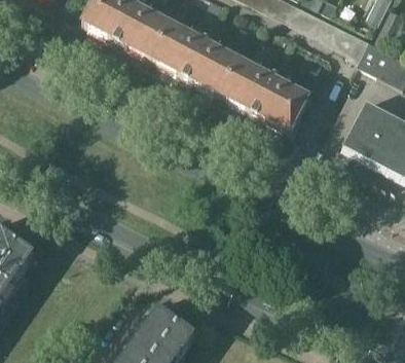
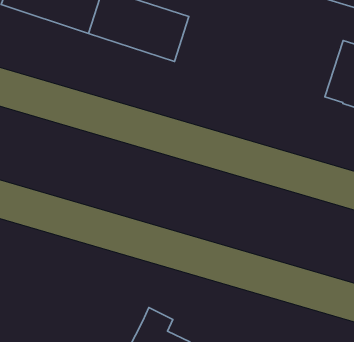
building: [220,60,306,132] -> none

